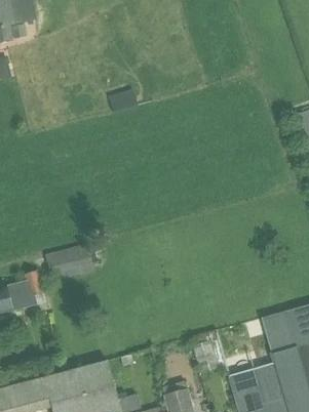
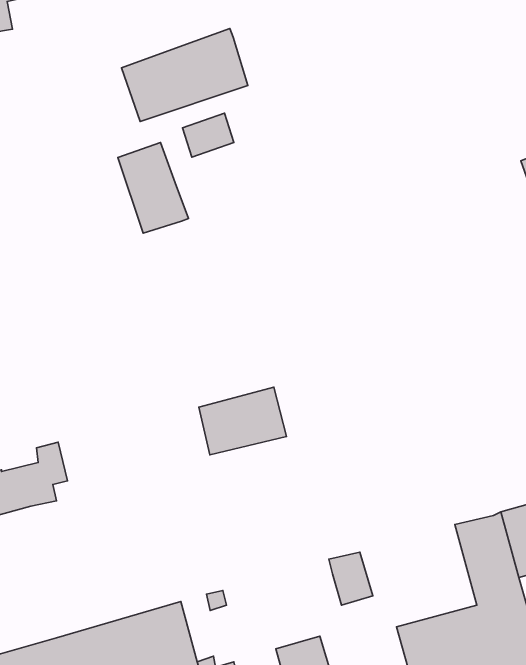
building: none -> [121,28,248,122]
building: none -> [118,142,188,233]
building: [44,243,93,281] -> [199,387,286,455]

